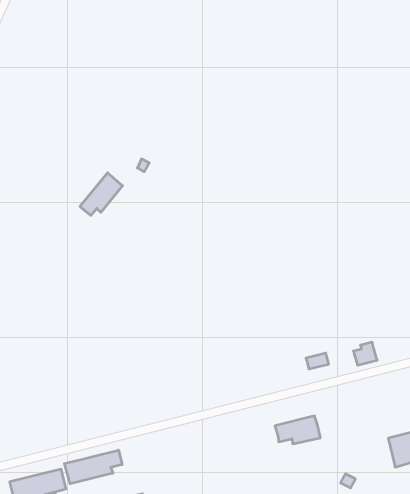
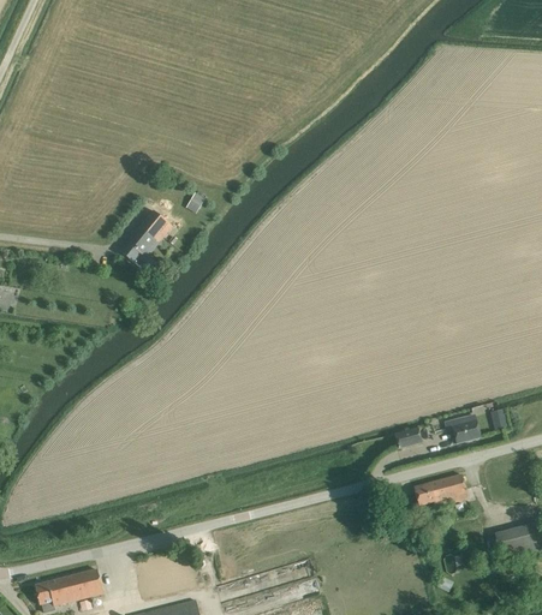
building: [275,416,320,444] -> [413,474,469,508]
building: [64,450,122,484] -> none

